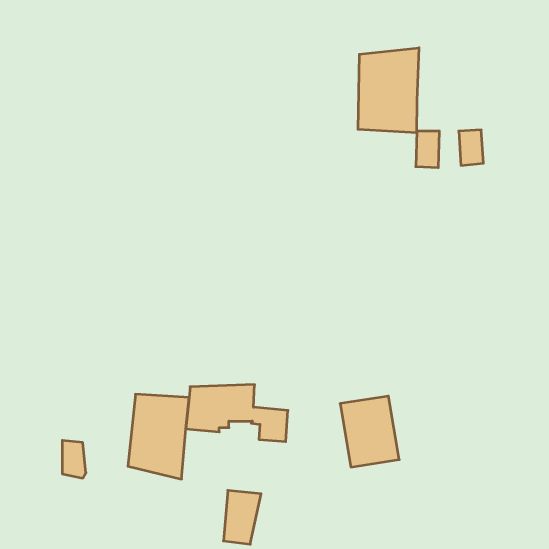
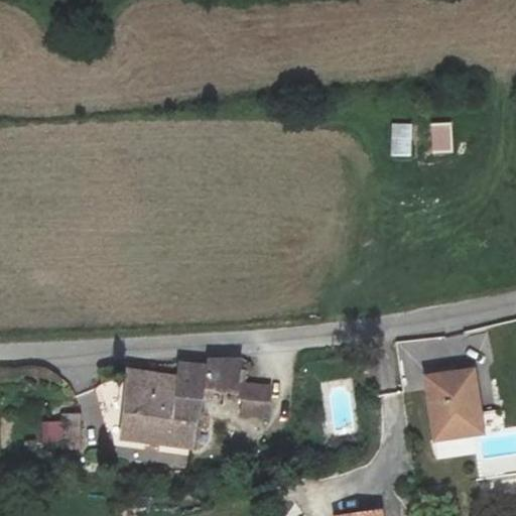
building: [358,48,419,133] -> none
building: [340,396,399,467] -> [426,371,482,437]
building: [223,490,261,544] -> [170,402,206,453]

